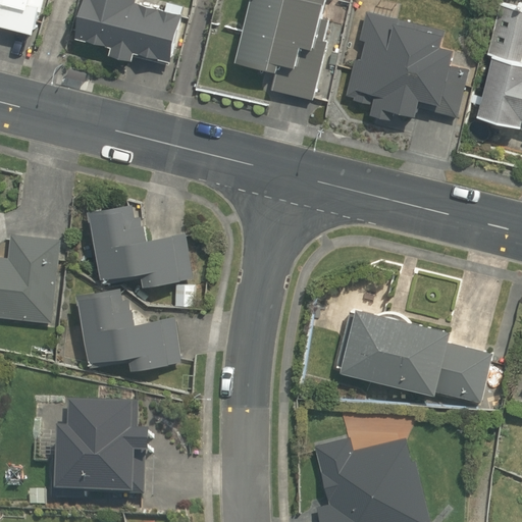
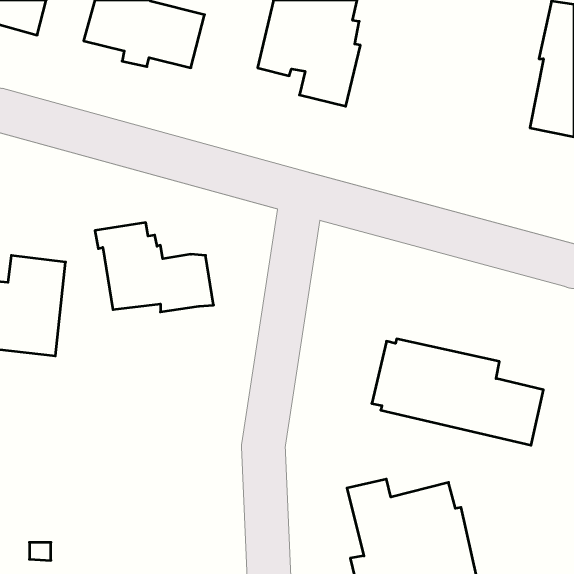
building: [345,12,468,122] -> none
building: [73,286,180,370] -> none
building: [56,400,149,498] -> none

